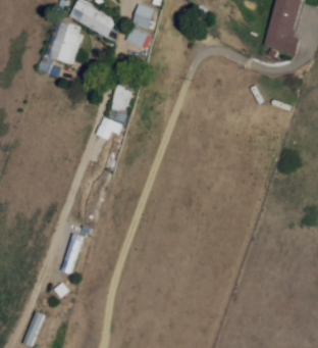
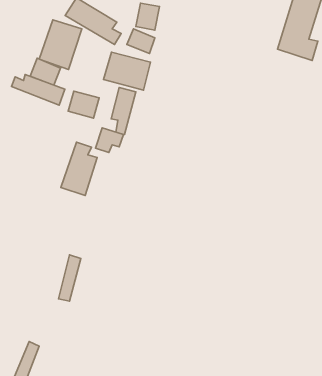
building: none -> [104,52,150,90]
building: none -> [12,74,65,105]
building: none -> [68,91,99,118]
building: none -> [61,142,97,195]

